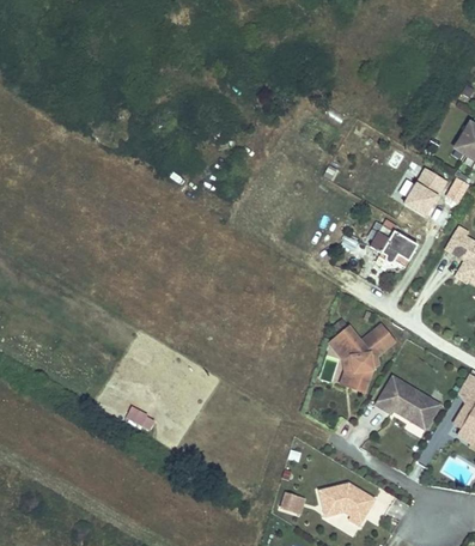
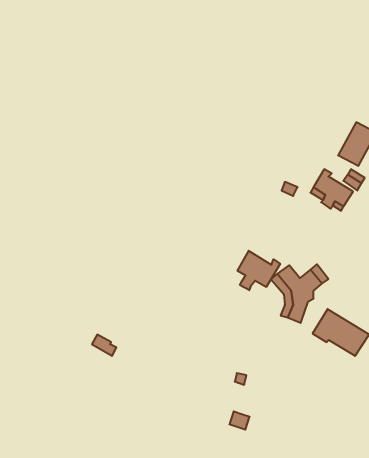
building: none -> [238,251,280,290]
building: [319,484,374,526] -> none

